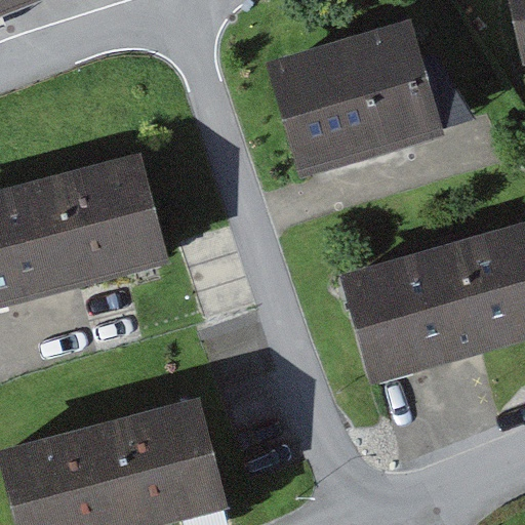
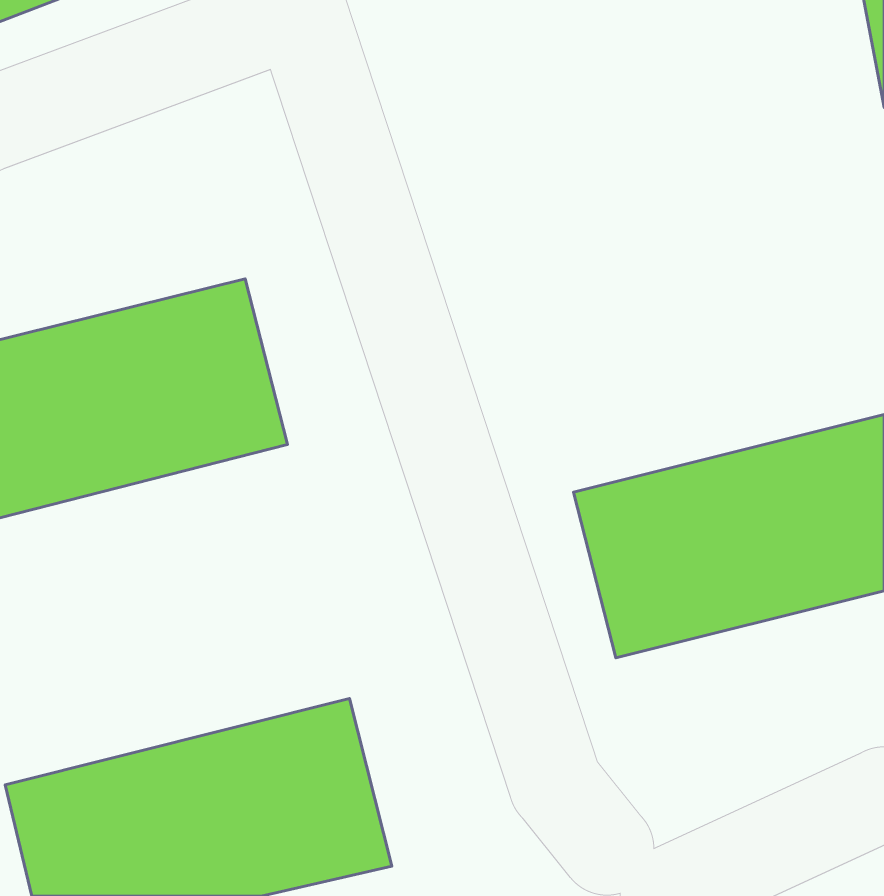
building: [272,26,447,168] -> none

